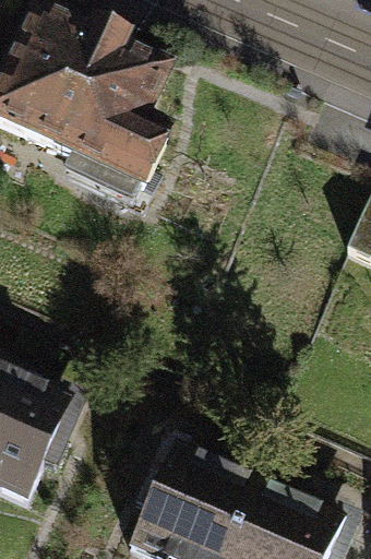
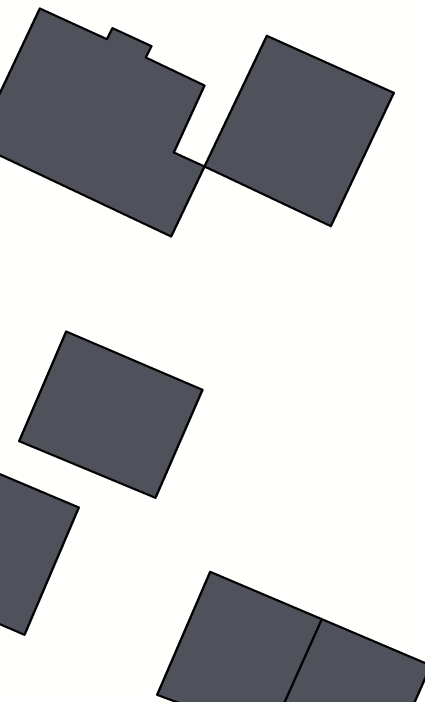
building: none -> [205,36,394,226]
building: none -> [19,331,203,498]

